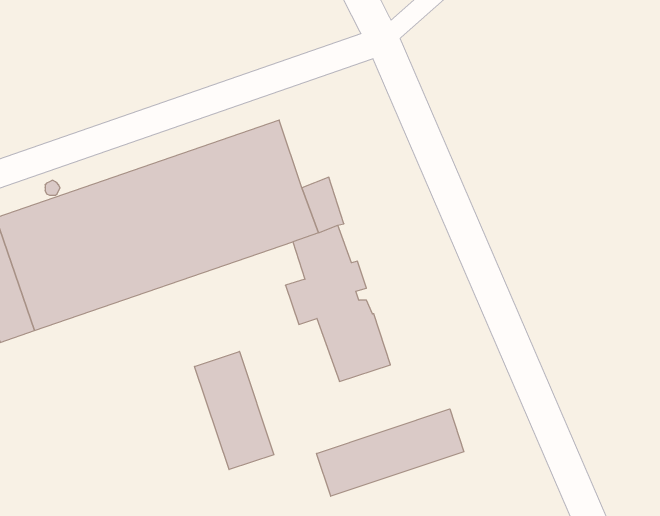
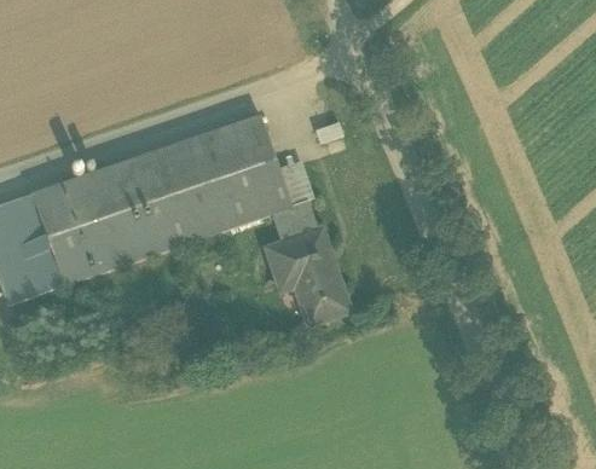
building: [195,351,274,470] -> none
building: [317,409,464,496] -> none

